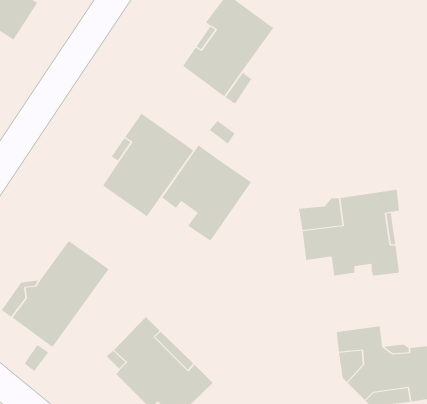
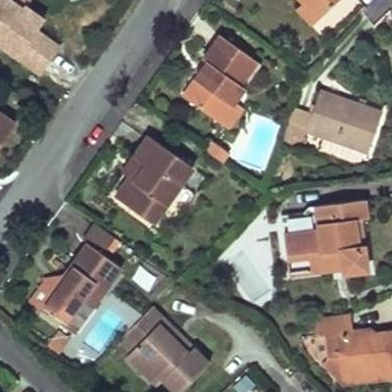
building: none -> [282,91,382,160]
building: [162,144,252,241] -> none

